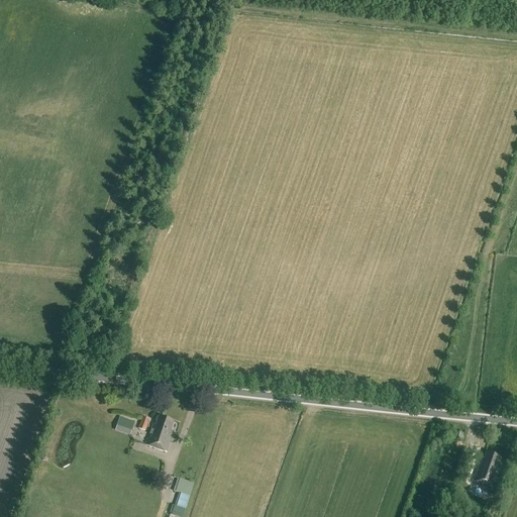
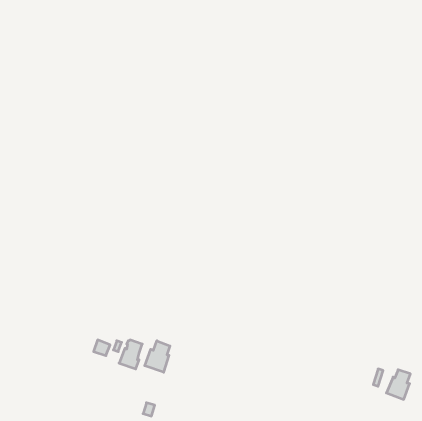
building: none -> [145,341,170,372]

